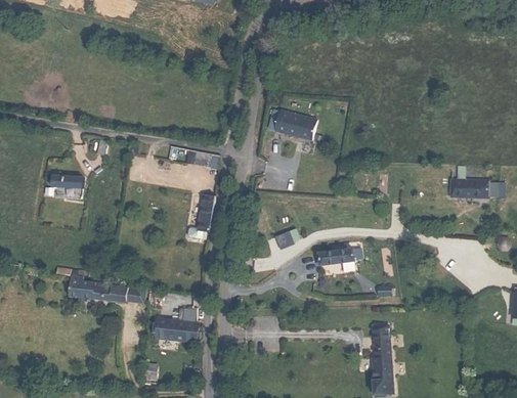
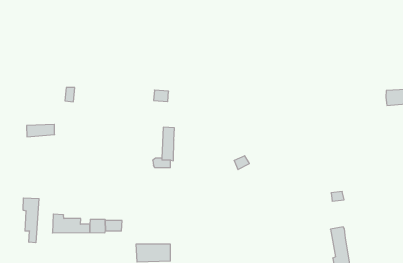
building: [275,108,317,137] -> none
building: [318,245,354,265] -> none
building: none -> [23,198,39,243]

